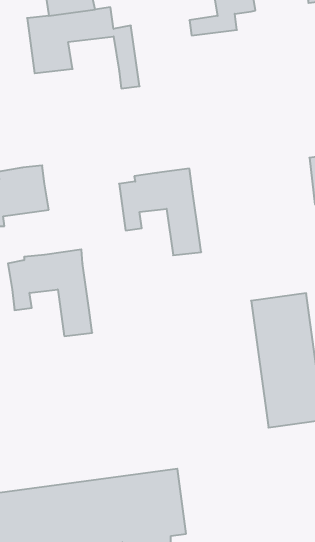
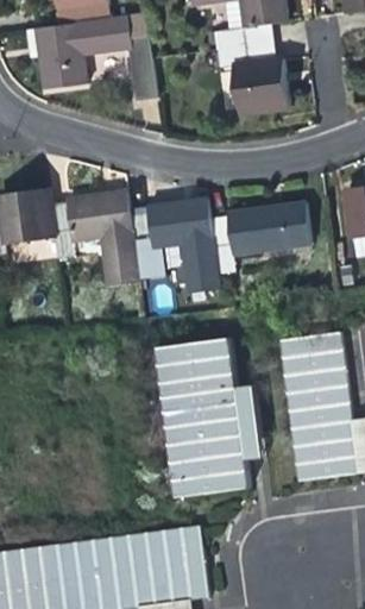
building: none -> [215,44,287,118]
building: none -> [216,200,316,272]
building: [8,249,92,336] -> [54,197,146,293]
building: none -> [158,338,251,497]

